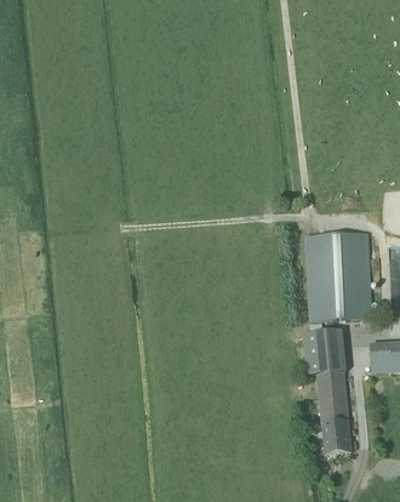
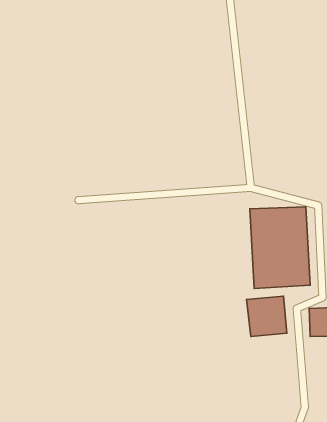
building: [316,370,352,452] -> none

